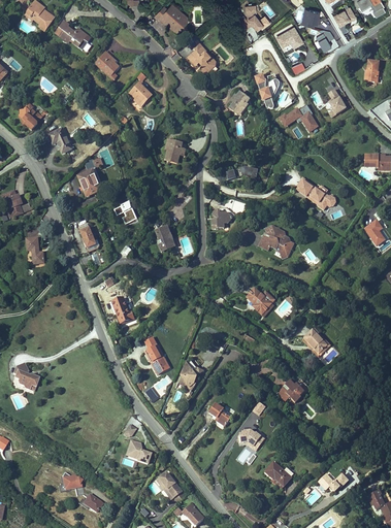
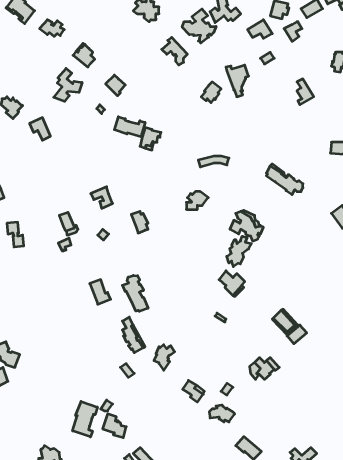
building: none -> [182,9,216,43]
building: none -> [54,68,82,101]
building: [279,105,317,131] -> none
building: none -> [114,117,145,137]
building: [78,158,103,195] -> none
building: none -> [227,236,251,267]
building: none -> [122,275,148,311]
building: none -> [73,401,97,437]

